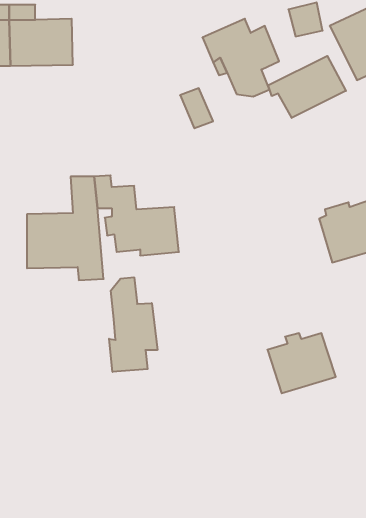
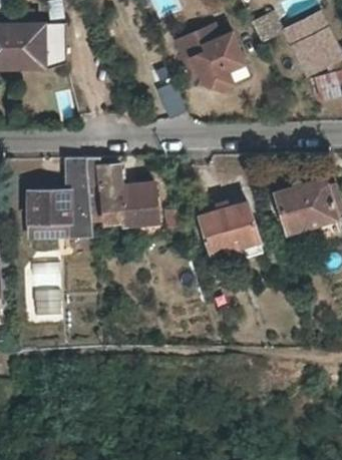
building: [268,56,346,118] -> none
building: [109,277,157,372] -> none
building: [267,333,336,393] -> [201,202,259,254]

